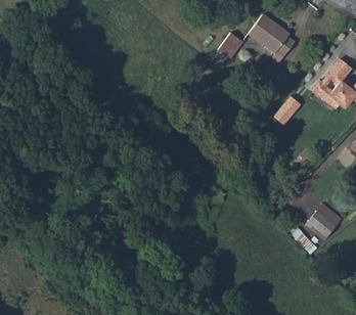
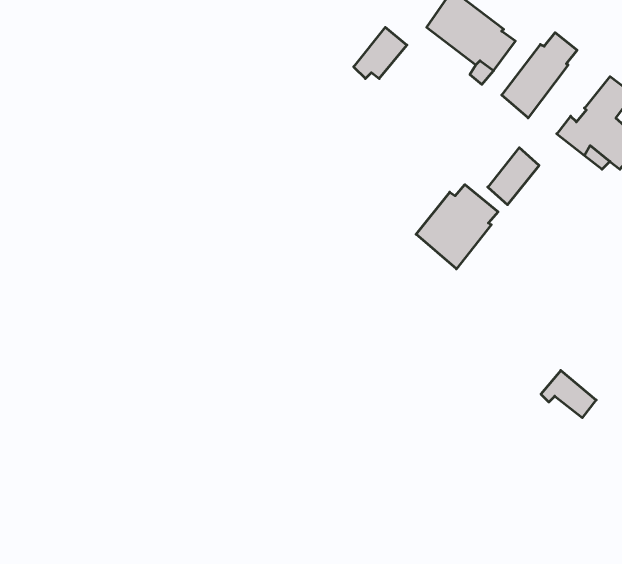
building: none -> [502,33,577,118]
building: none -> [416,185,498,269]

